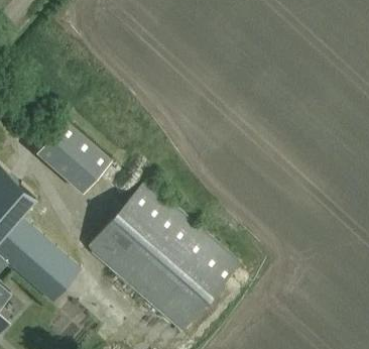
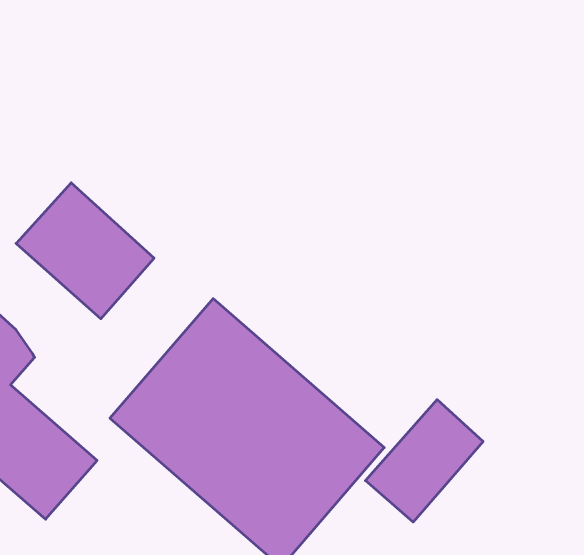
building: none -> [365,400,483,522]

